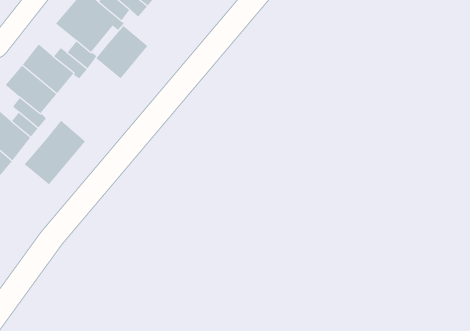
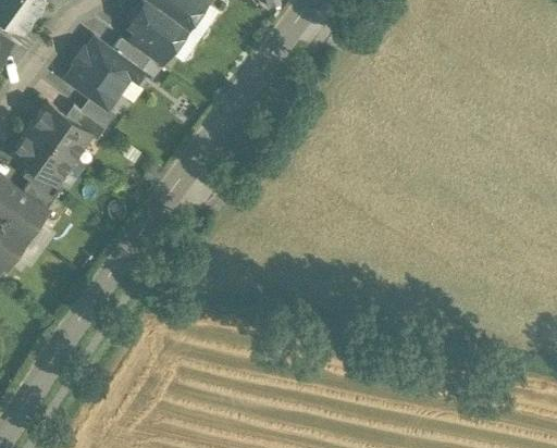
building: [96,25,148,79] -> none
building: [24,120,86,185] -> none

